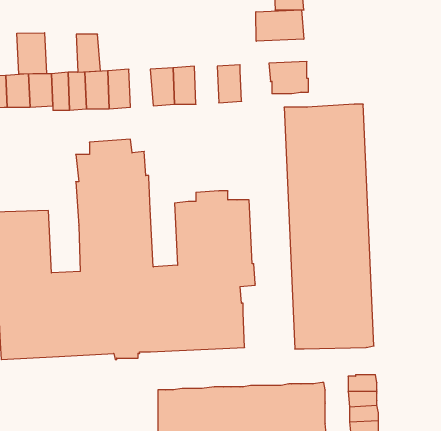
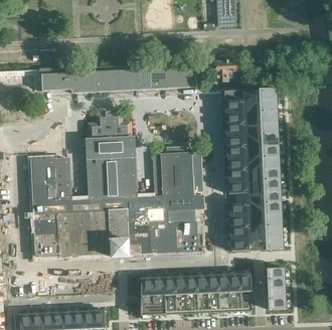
building: [256,10,304,41] -> none
building: [17,33,46,74] -> none
building: [76,34,101,72] -> [121,65,137,91]
building: none -> [164,63,180,89]

